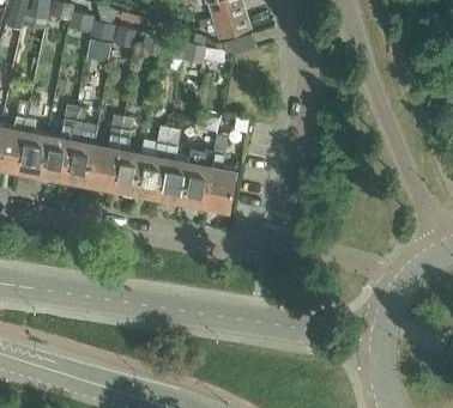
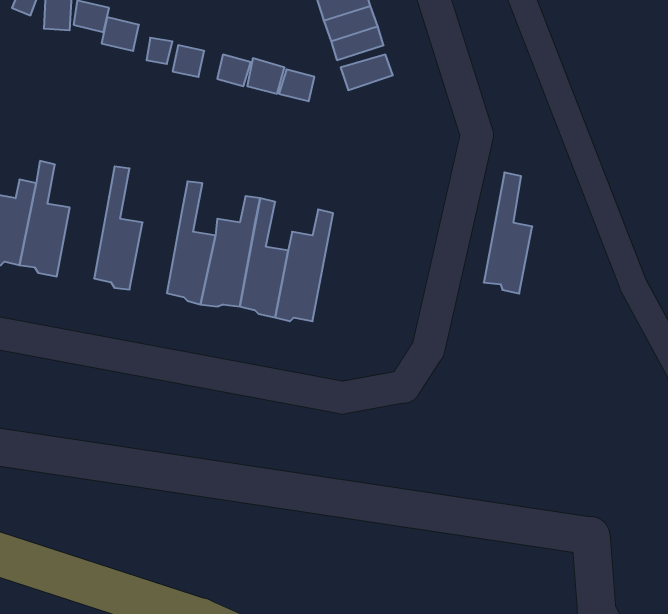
building: [41,105,78,179] -> none
building: [87,115,125,189] -> none
building: [205,136,236,214] -> [484,172,532,294]

